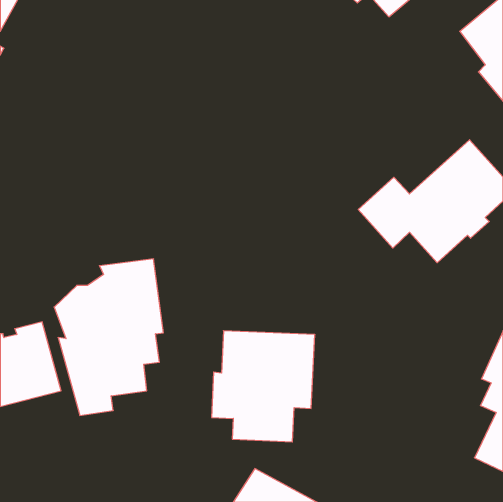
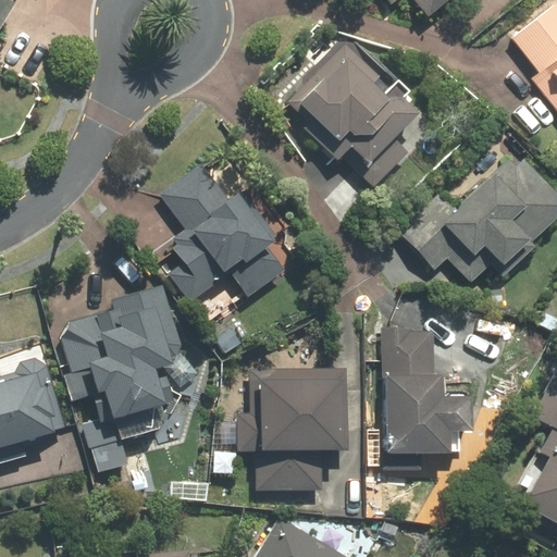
building: none -> [283,39,436,185]
building: none -> [160,156,289,302]
building: none -> [380,330,475,455]

